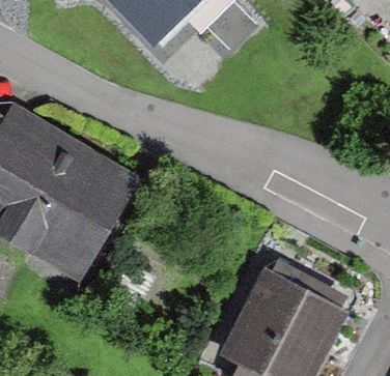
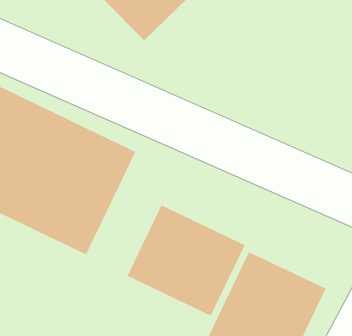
building: none -> [127,204,245,317]

